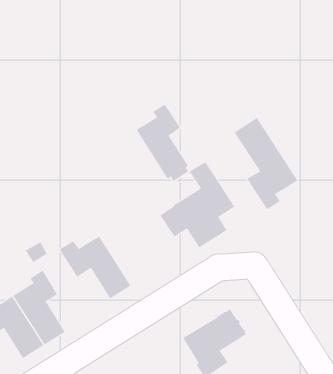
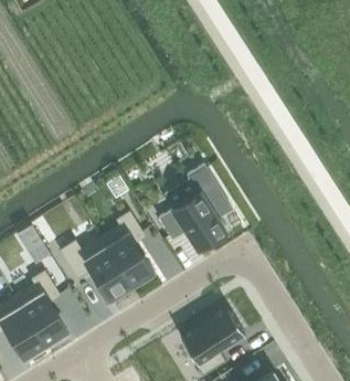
building: [136,104,189,182] -> [99,211,151,287]
building: [234,117,298,210] -> none

